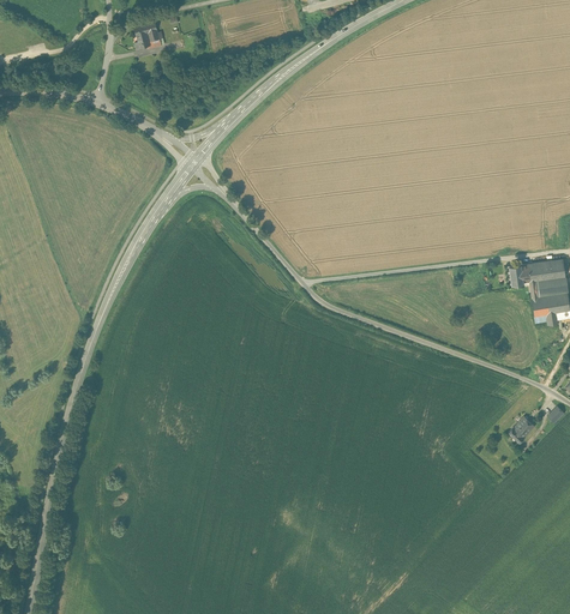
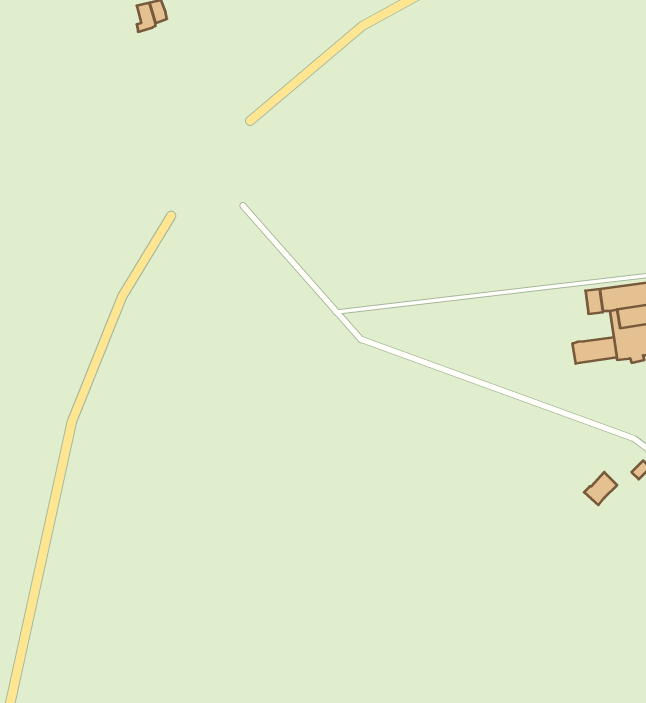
building: none -> [573,337,617,364]

